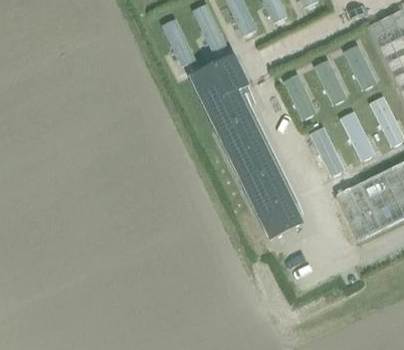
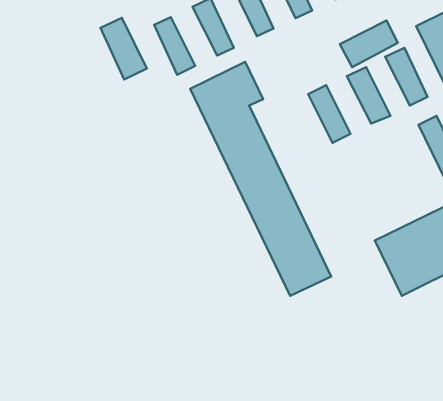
building: none -> [100,18,147,80]
building: none -> [340,21,398,67]
building: [340,112,376,162] -> none
building: [310,127,346,177] -> none

